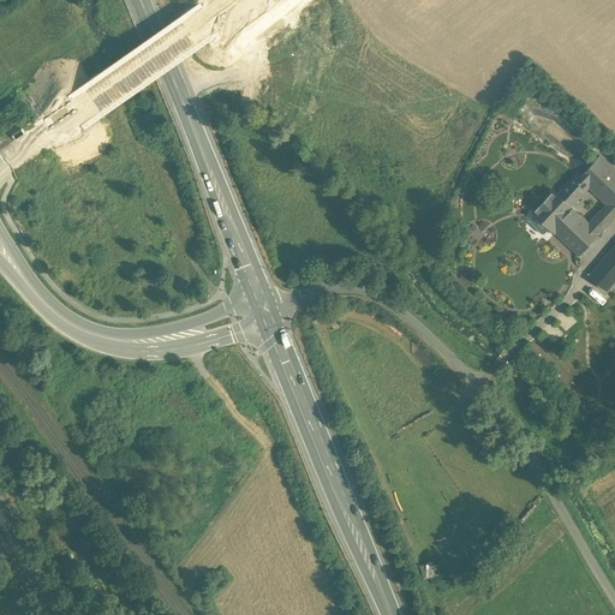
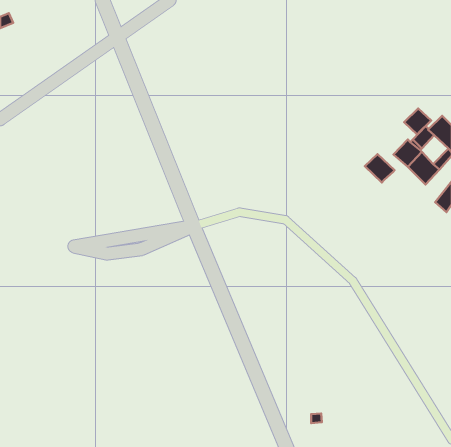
building: none -> [404,108,431,134]
building: none -> [365,154,395,182]

